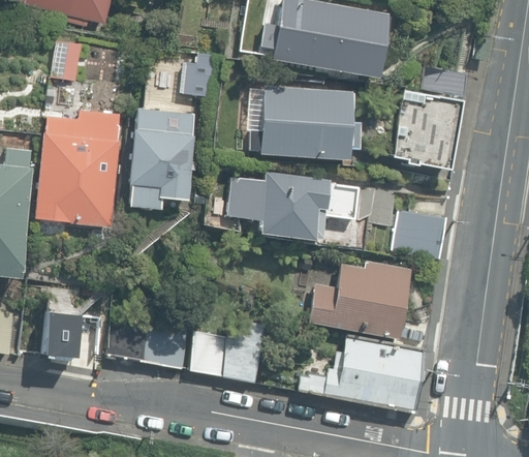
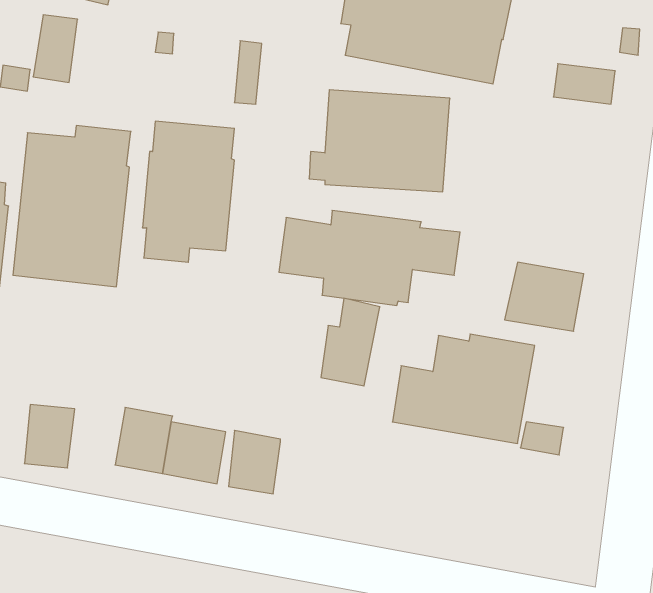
building: [392,89,461,171] -> none
building: [223,318,266,382] -> [321,298,380,386]
building: [299,336,426,412] -> none

